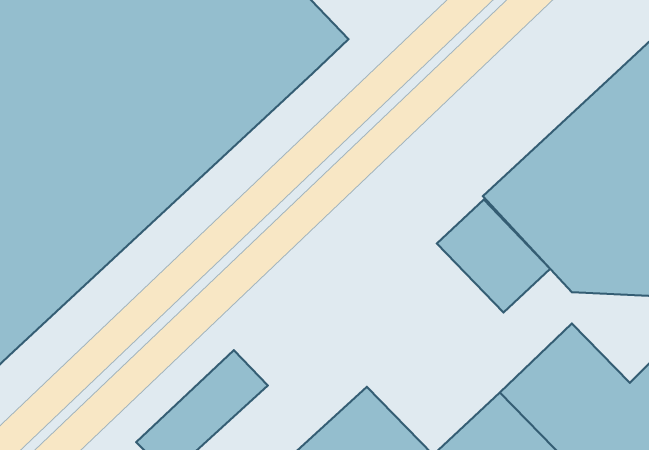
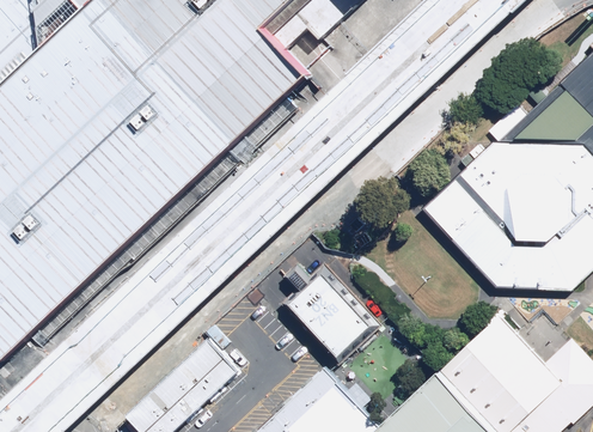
building: [437,200,550,313] -> [282,266,378,361]

